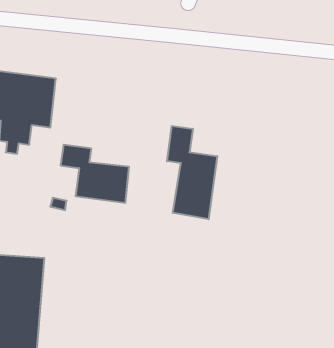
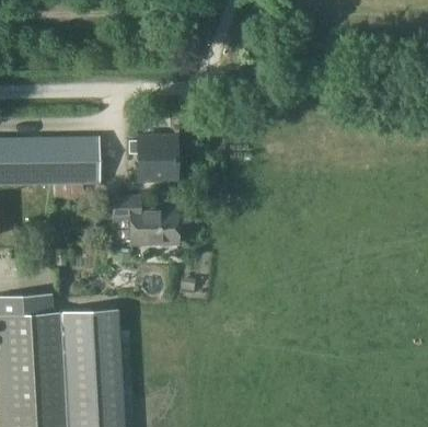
building: none -> [129,134,177,178]
building: [167,126,217,219] -> none

